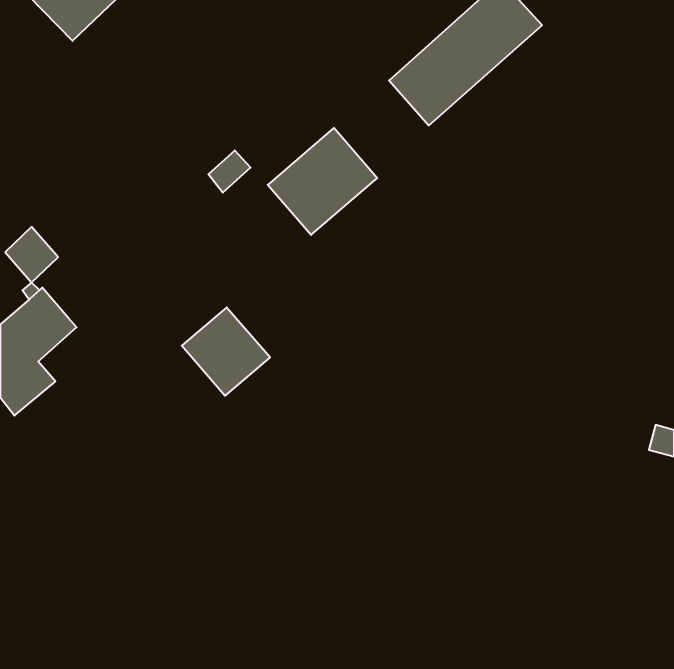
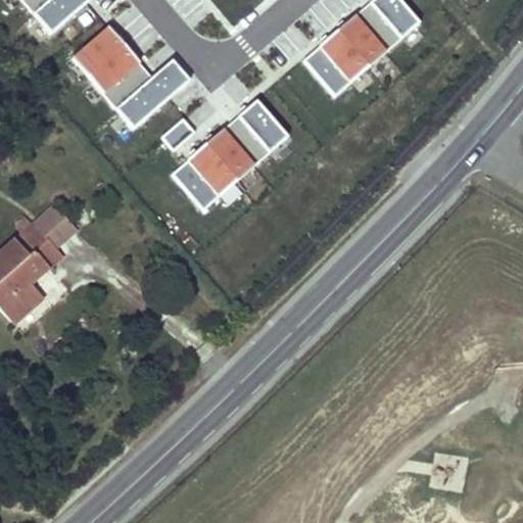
building: none -> [72,23,189,126]
building: [5,227,58,282] -> [33,203,74,246]
building: [182,307,270,396] -> [173,143,241,211]

